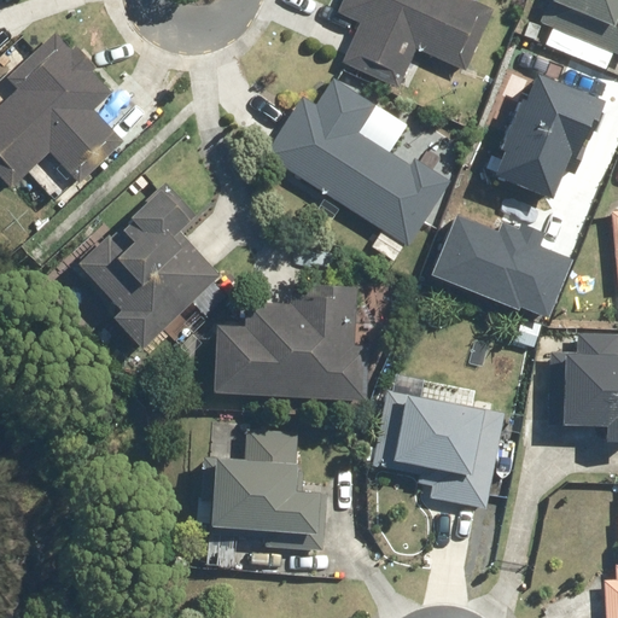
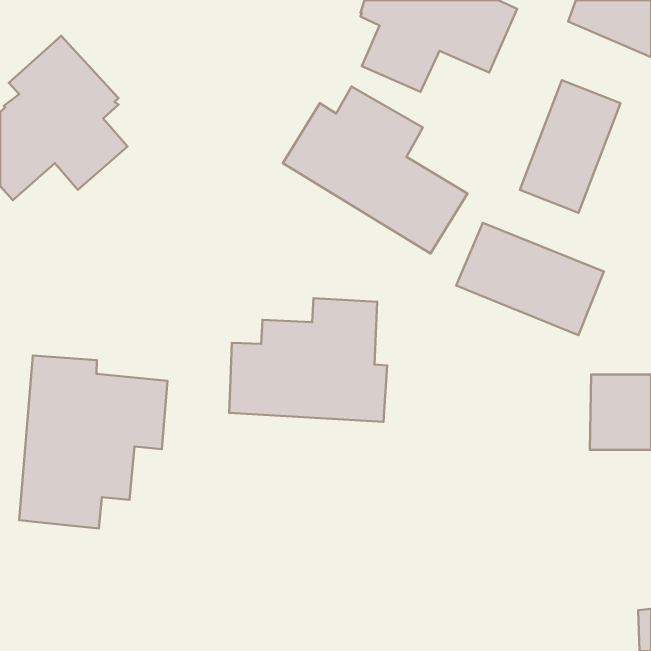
building: [75,187,220,344] -> none
building: none -> [19,356,167,529]
building: [373,390,507,508] -> none
building: [202,428,327,550] -> none

